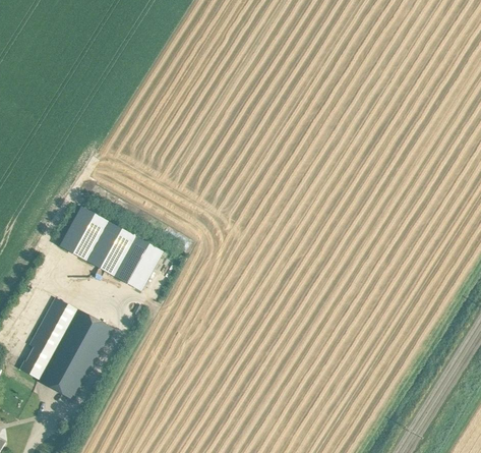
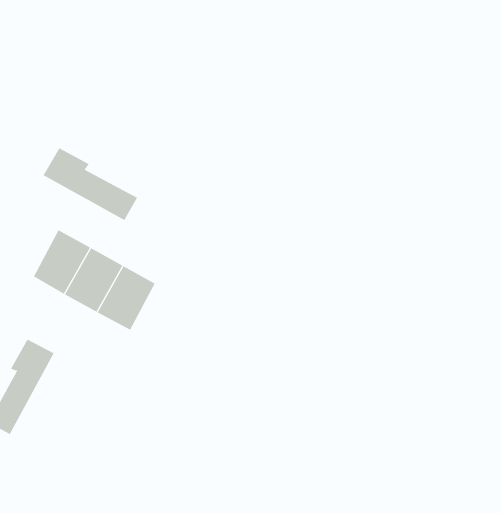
building: none -> [43,148,138,221]
building: [40,310,110,398] -> none

